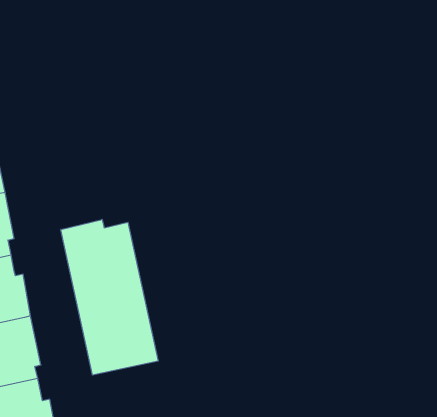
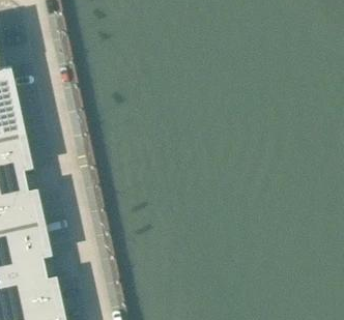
building: [61,219,158,375] -> none

